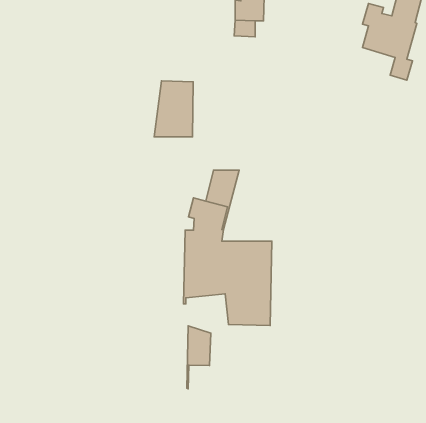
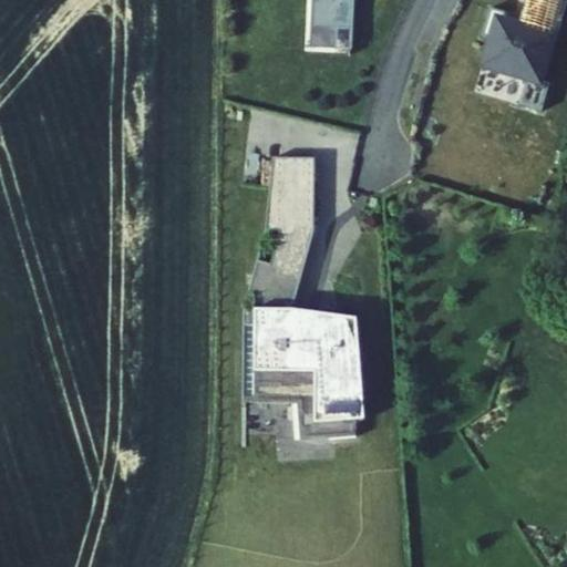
building: [154,81,193,137] -> [267,152,319,226]
building: [187,326,211,389] -> none

